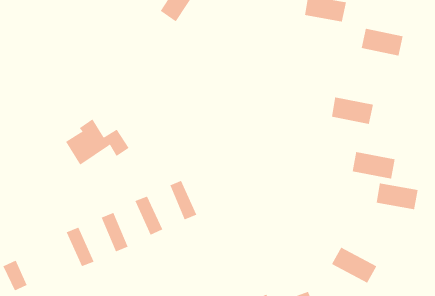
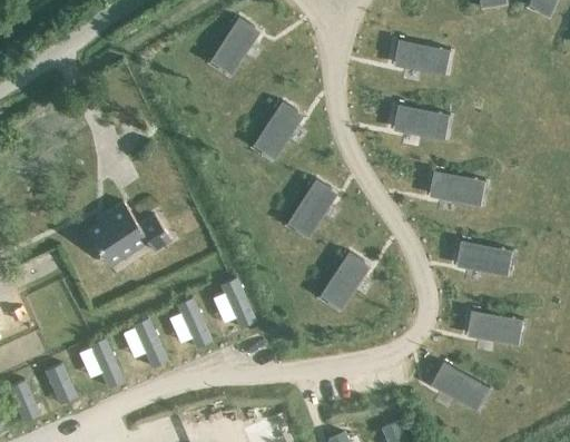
building: [361,28,404,56] -> [393,104,448,139]
building: none -> [254,100,304,159]
building: none -> [285,179,336,238]
building: none -> [318,253,370,311]
building: [376,183,418,210] -> [468,311,522,345]
building: none -> [46,363,78,403]

